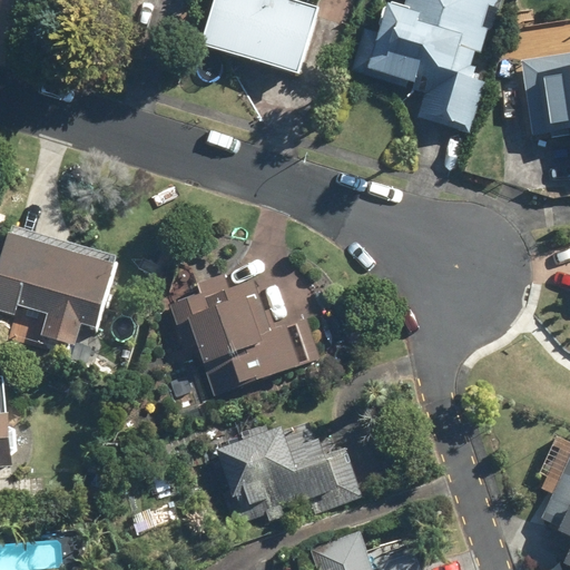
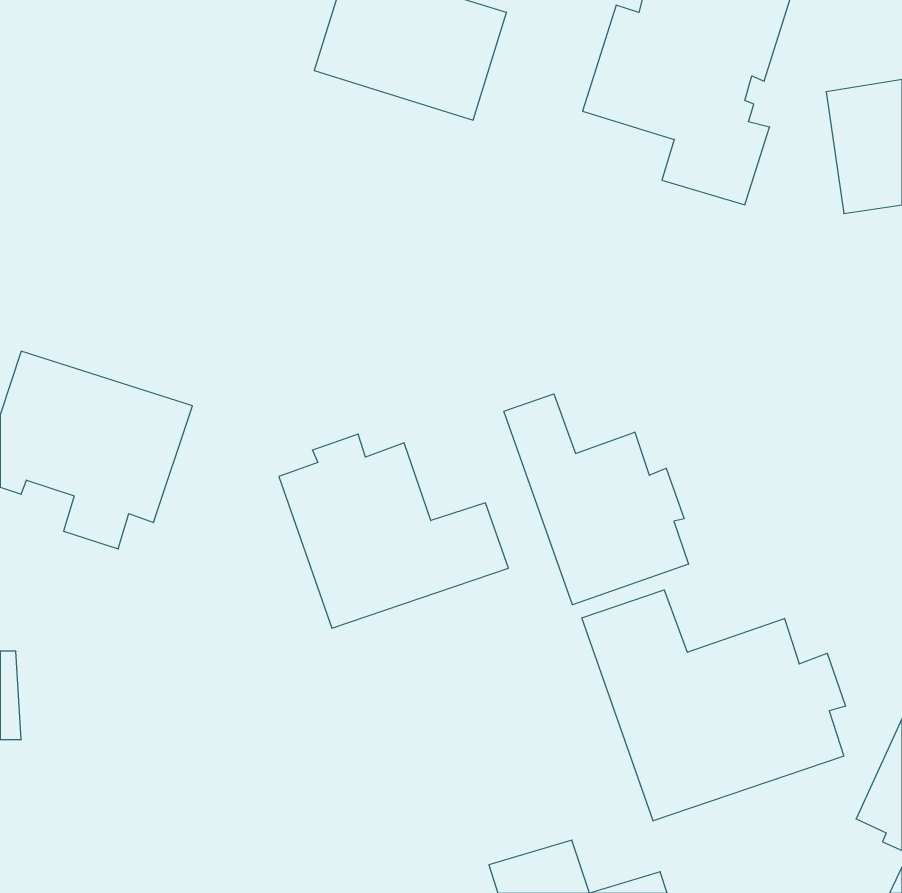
building: none -> [504,394,689,605]
building: none -> [582,590,845,821]
building: [210,420,364,523] -> none

